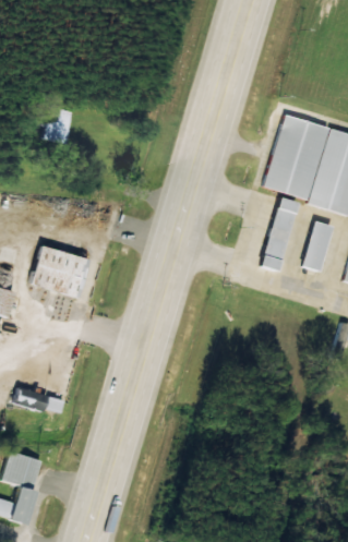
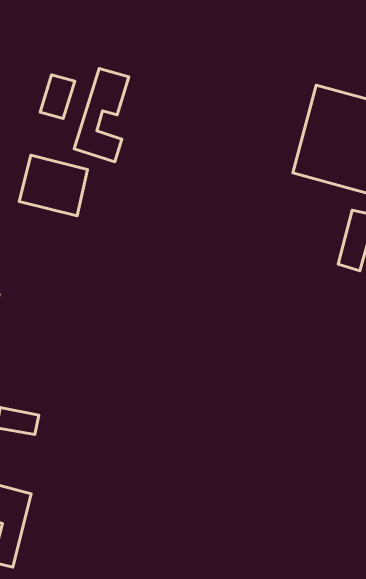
building: none -> [74,68,129,162]
building: [261,196,298,270] -> none
building: [29,245,87,297] -> [19,155,88,216]

